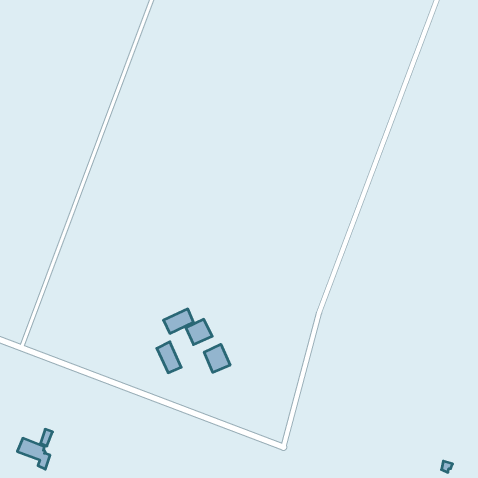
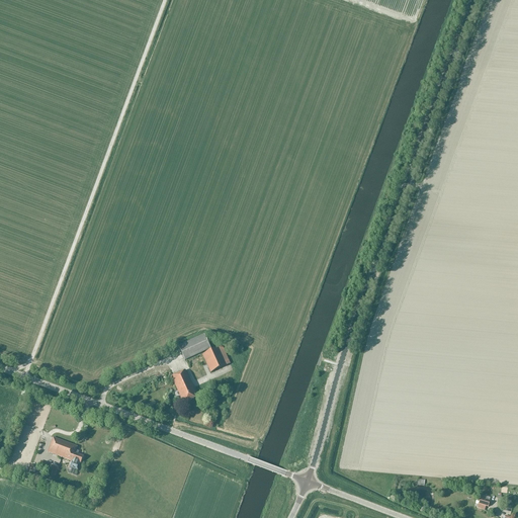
building: [204,344,230,372] -> none
building: [17,438,50,469] -> [46,436,81,469]

